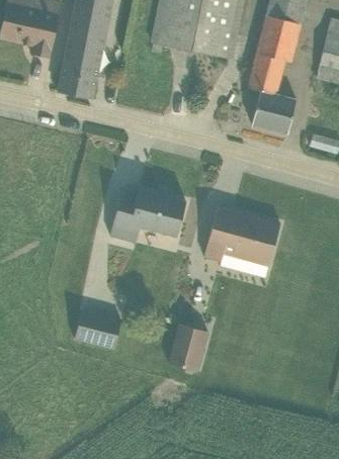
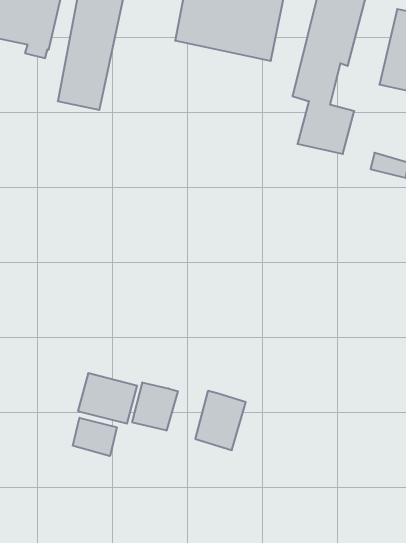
building: [109,188,185,243] -> none
building: [202,205,280,278] -> none
building: none -> [132,382,178,431]
building: none -> [73,418,117,456]

